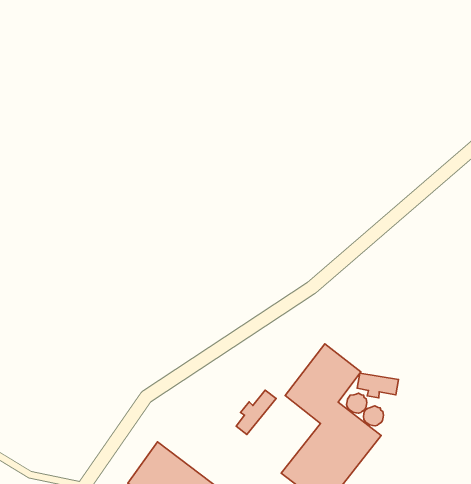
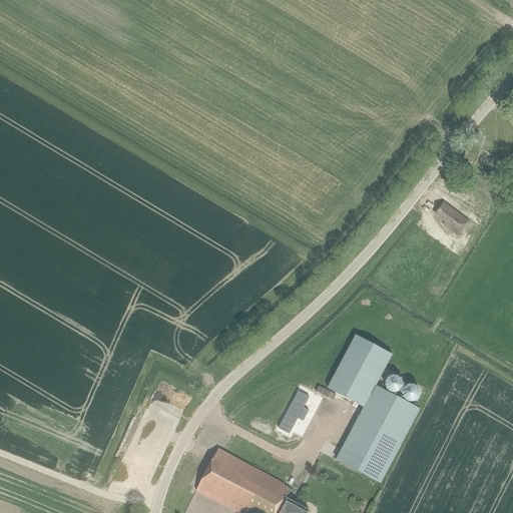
building: none -> [434,202,466,234]
building: [357,373,399,398] -> none

